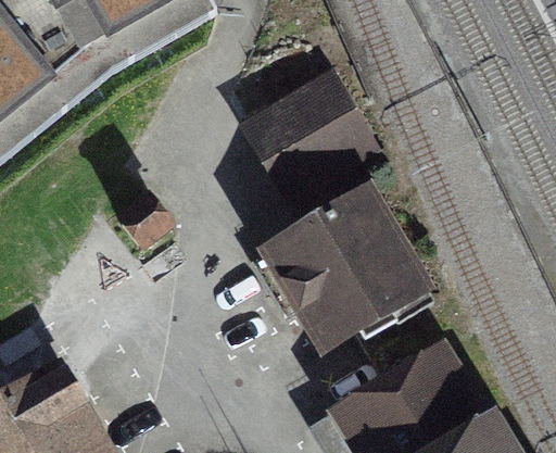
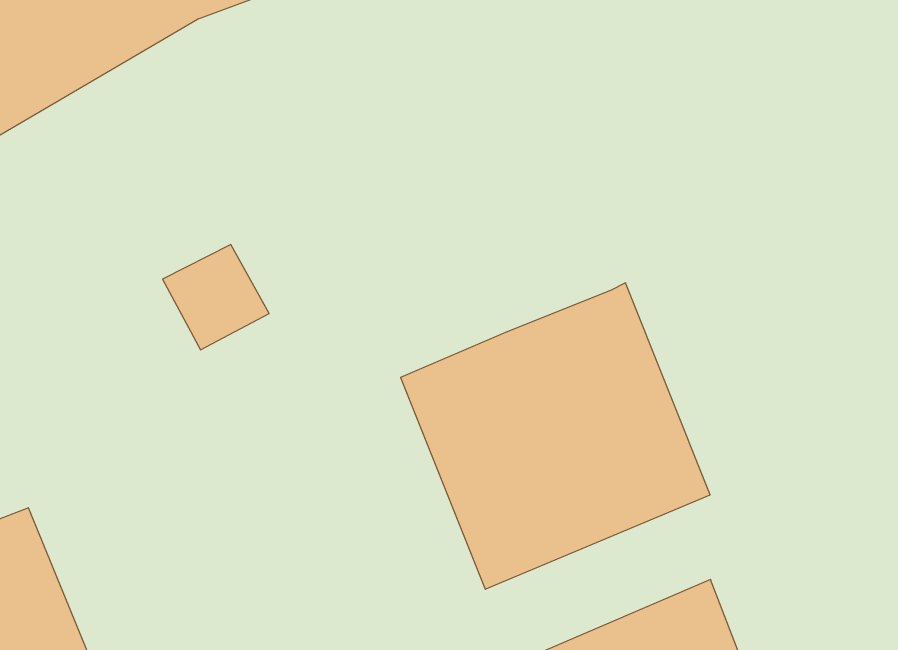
building: [235,70,380,218] -> none

